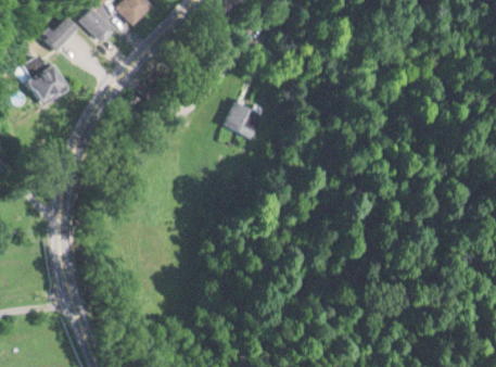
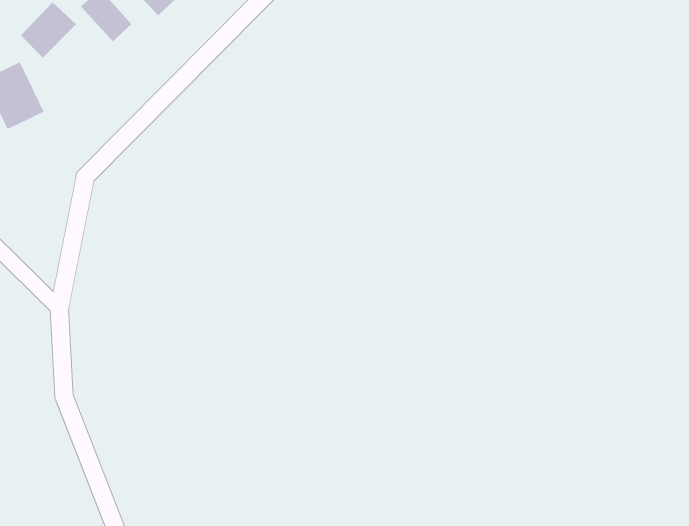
building: [222,100,269,140] -> none

